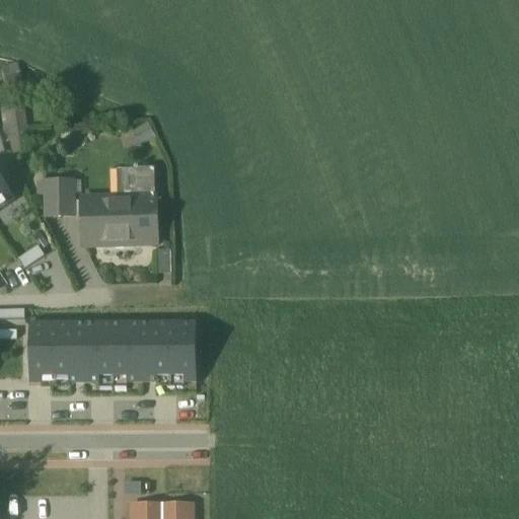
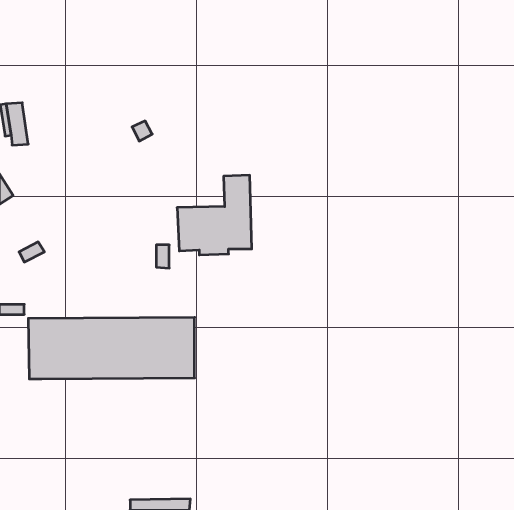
building: [81,165,156,245] -> [177,175,252,255]
building: [45,178,74,214] -> none

